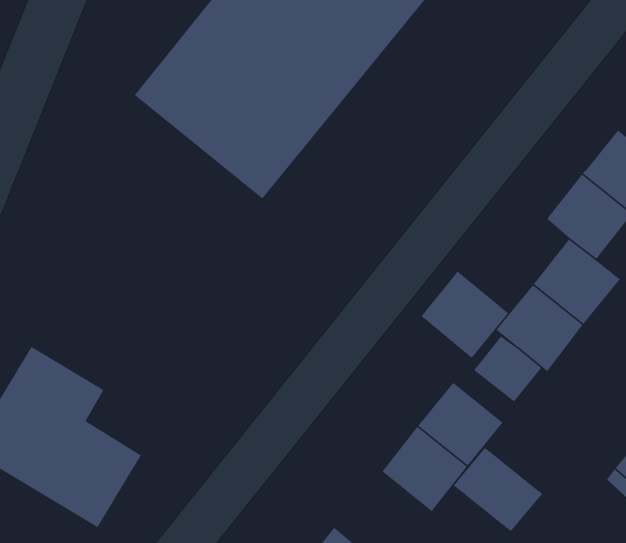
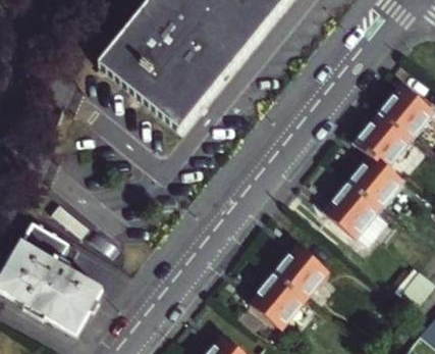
building: [420,271,509,359] -> none
building: [473,336,542,403] -> none
building: [453,447,543,532] -> none

